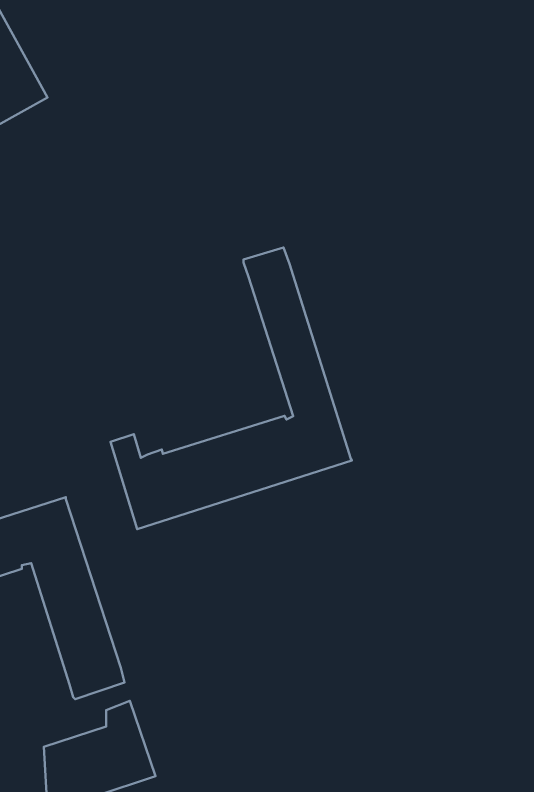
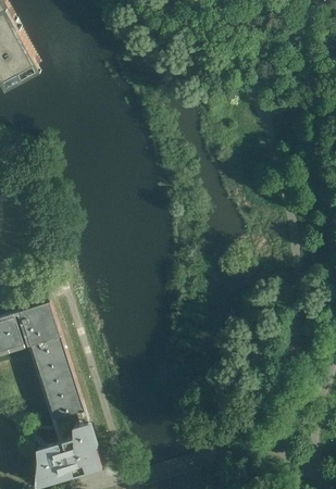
building: [111,248,352,529] -> none

